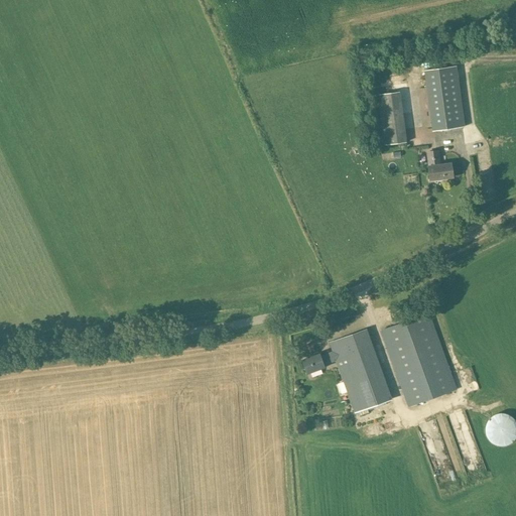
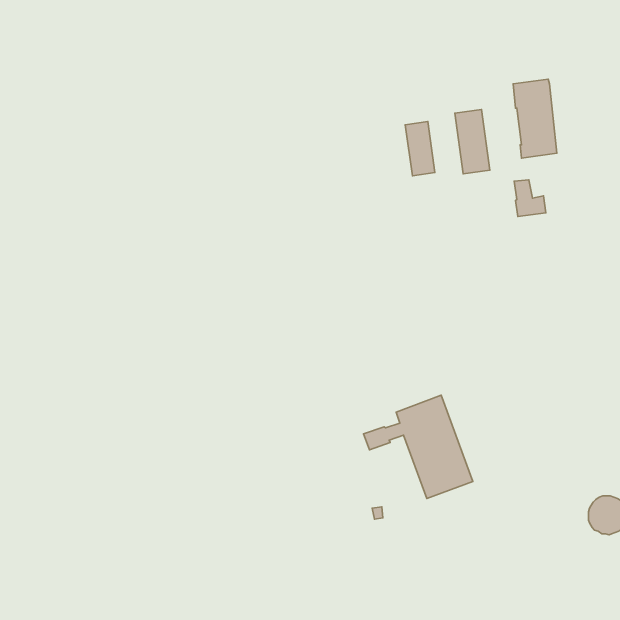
building: none -> [405,122,435,176]
building: [380,311,458,407] -> none

